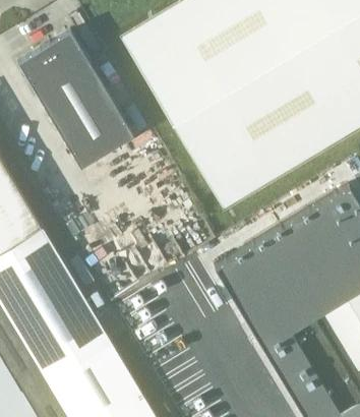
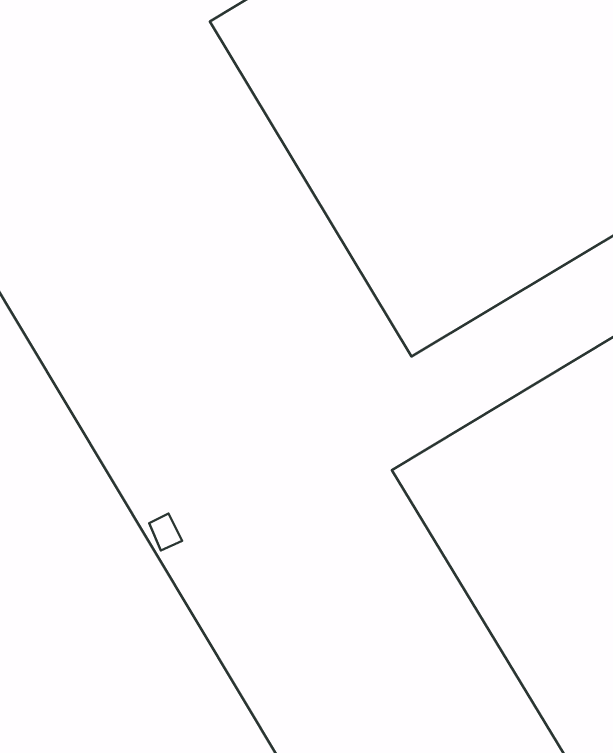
building: [18,33,134,169] -> none

